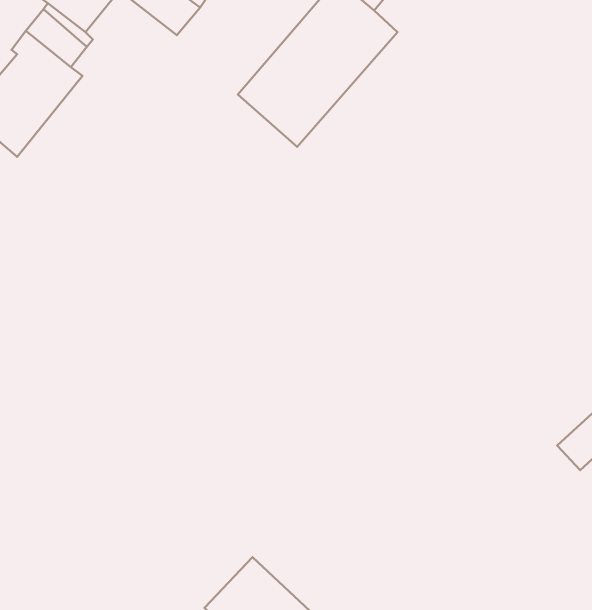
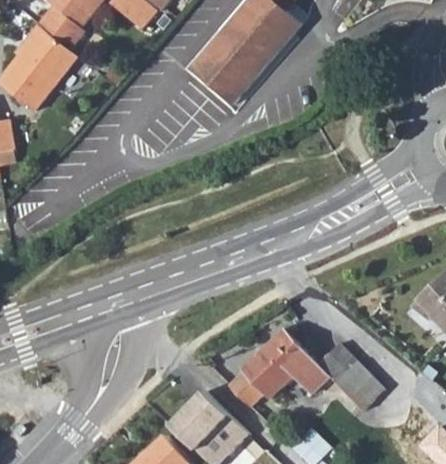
building: none -> [224,328,378,411]

